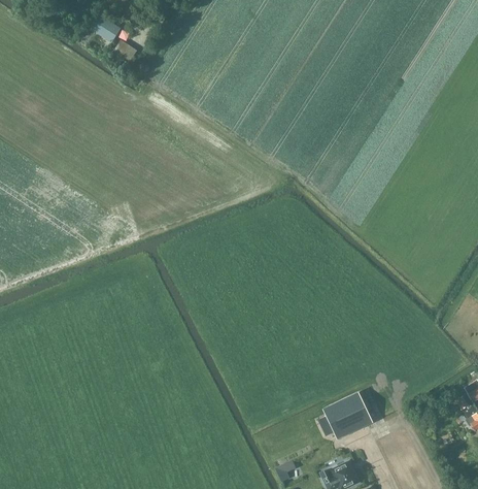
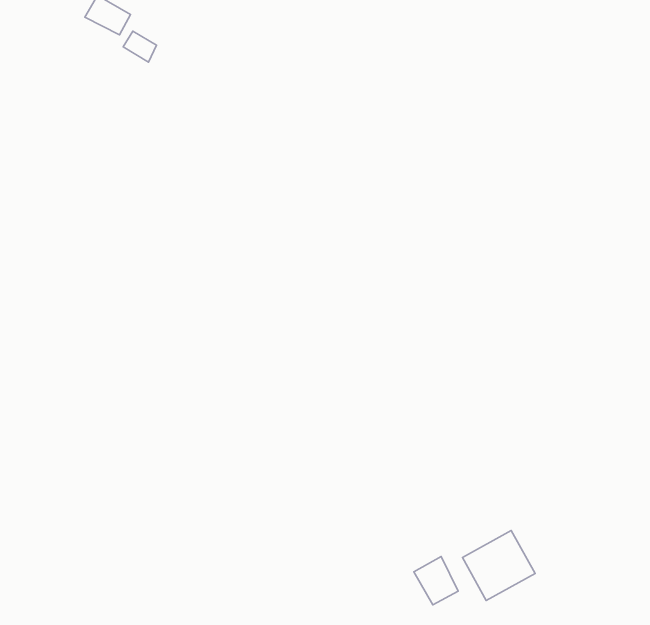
building: none -> [414,557,458,605]

